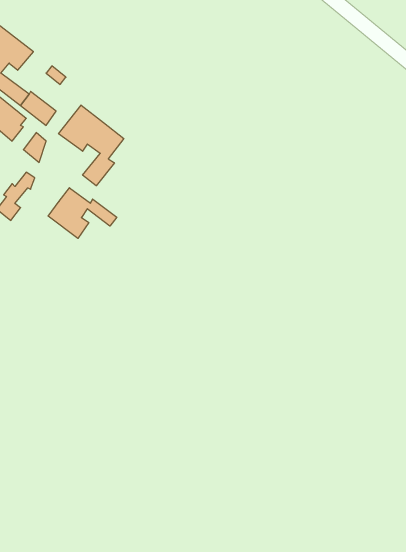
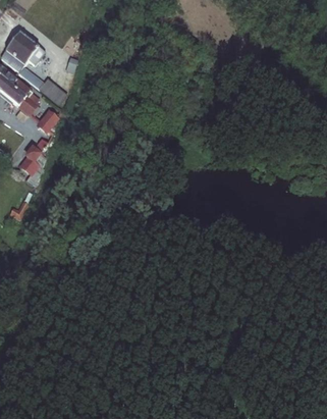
building: [59,105,124,186] -> none
building: [48,188,117,238] -> none

